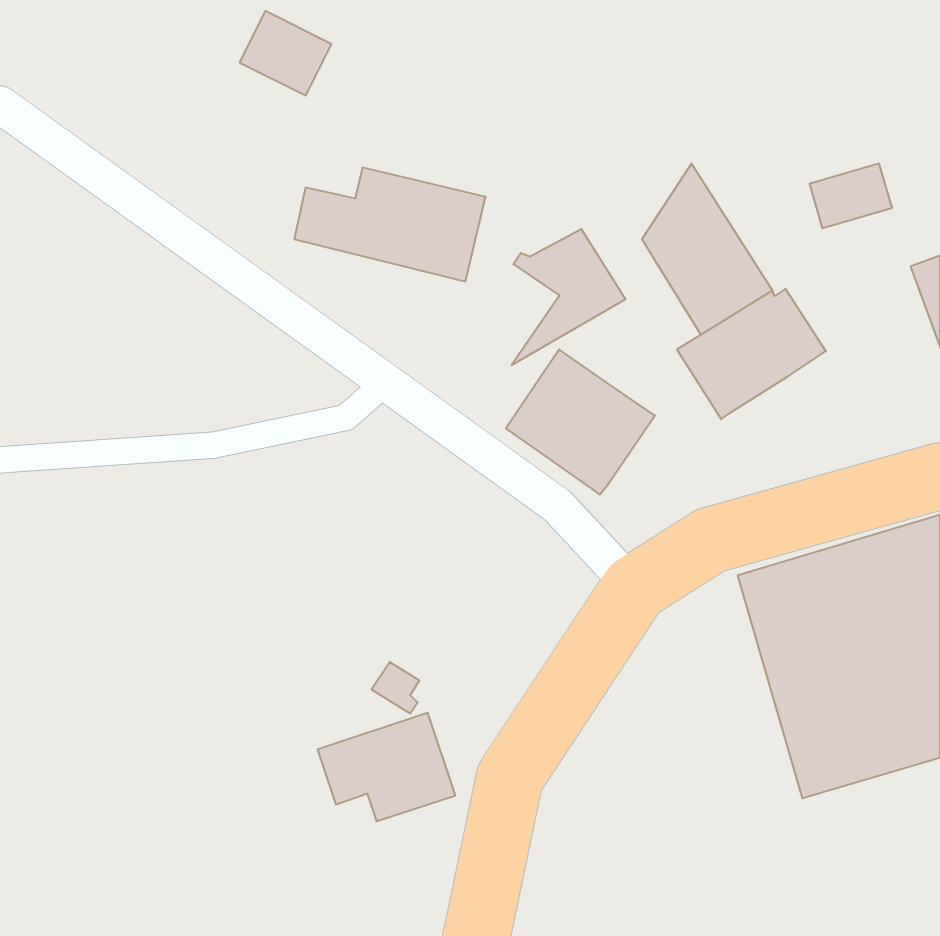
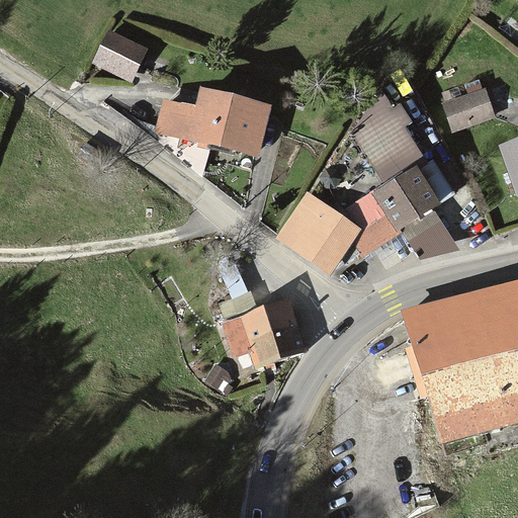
building: [239,11,331,96] -> [94,30,145,77]
building: [512,229,626,365] -> [334,192,397,267]
building: none -> [401,207,459,257]
building: [318,713,455,821] -> [225,305,300,364]

